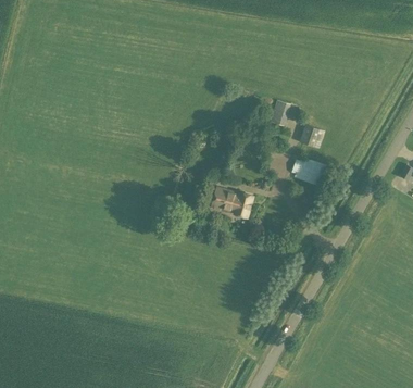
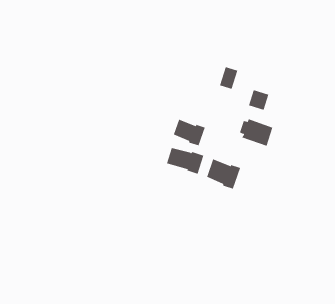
building: none -> [173,119,205,146]
building: none -> [206,159,241,190]

